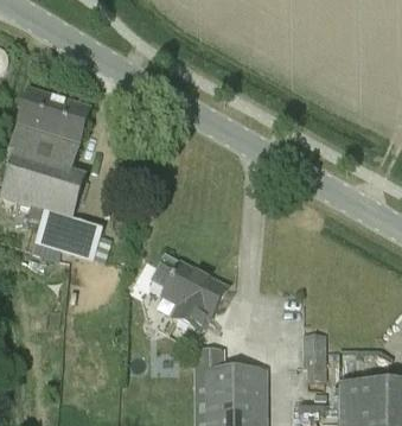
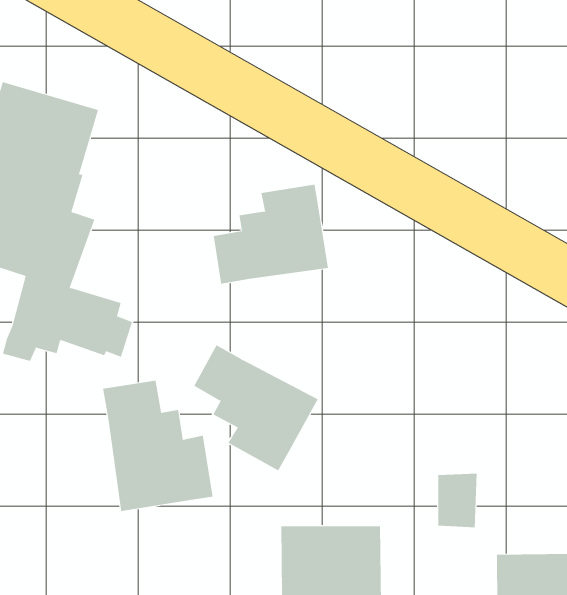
building: none -> [213,184,329,284]
building: none -> [102,380,213,512]

